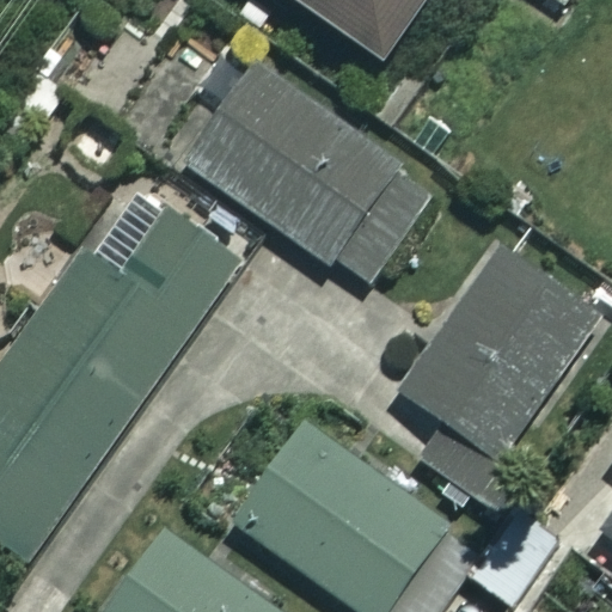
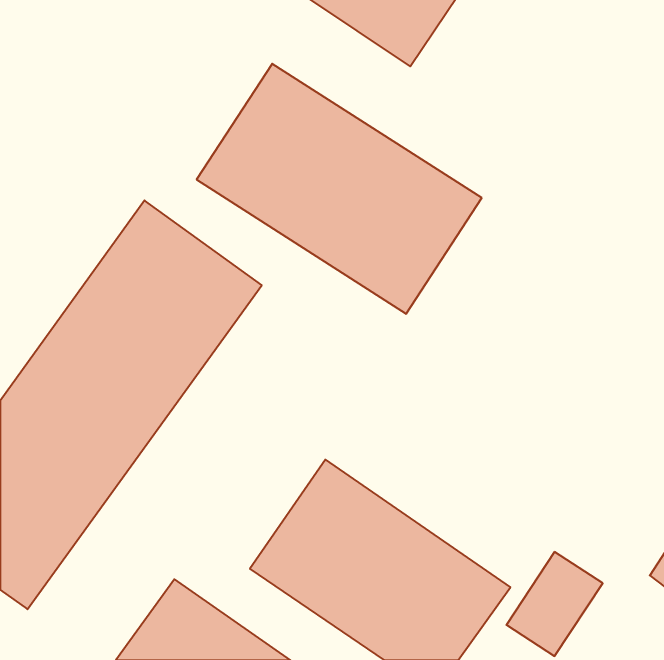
building: [400,252,595,509] -> none

